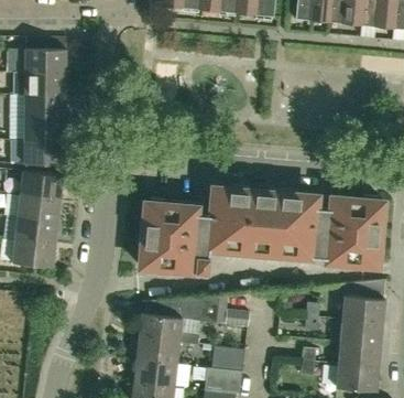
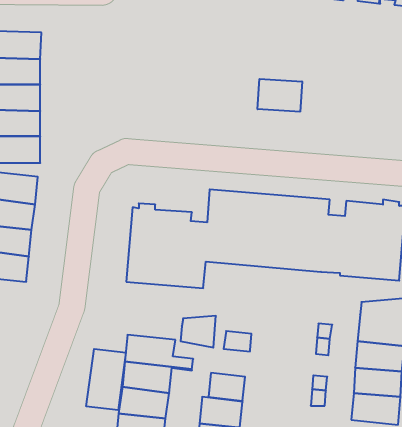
building: none -> [258,79,302,112]
building: none -> [86,349,126,410]

